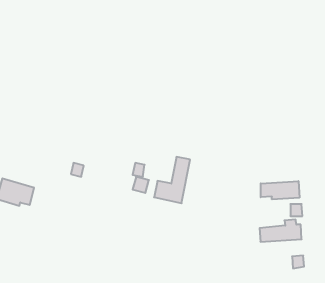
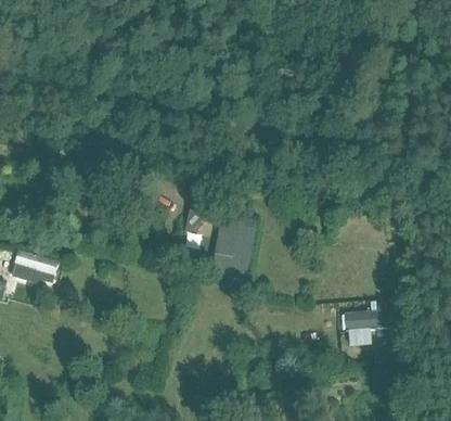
building: [261,181,299,199] -> none

